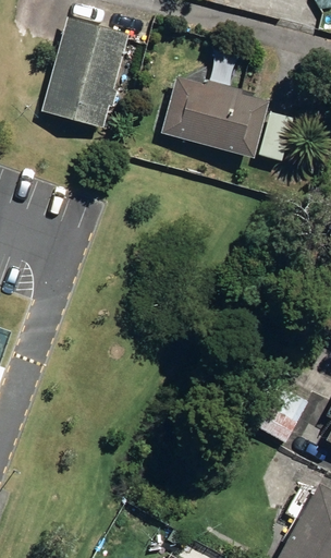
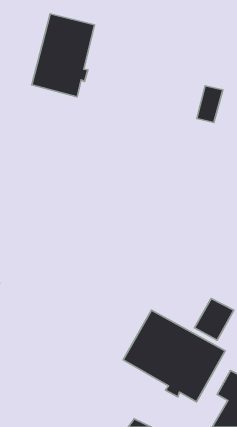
building: [161,78,268,158] -> none
building: none -> [123,310,225,402]

